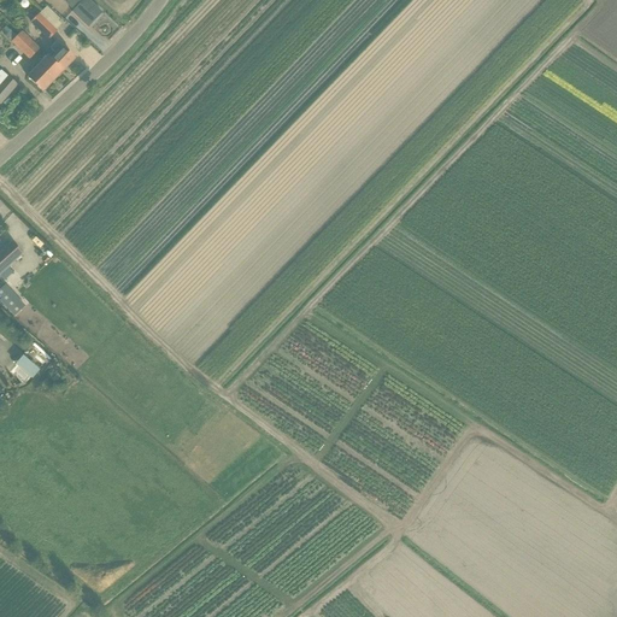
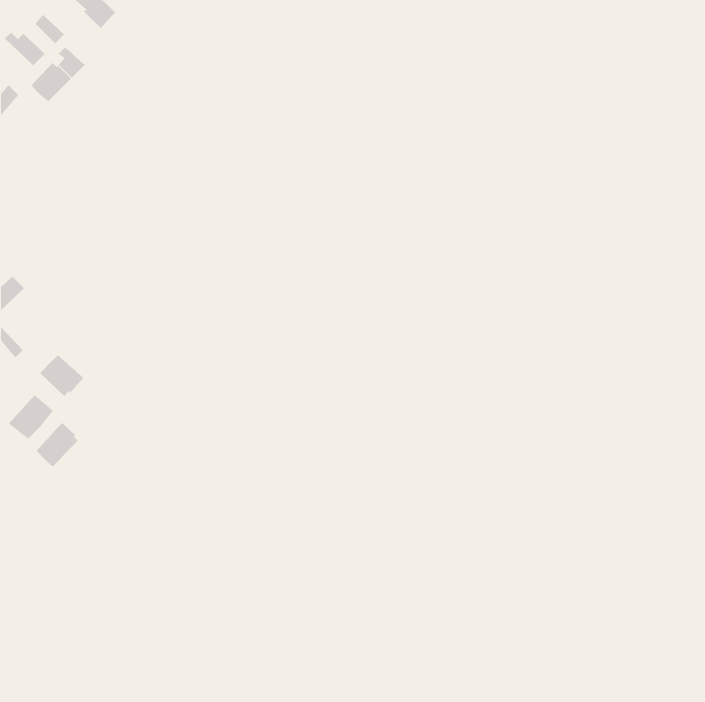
building: none -> [40,354,84,397]
building: none -> [36,422,79,468]

